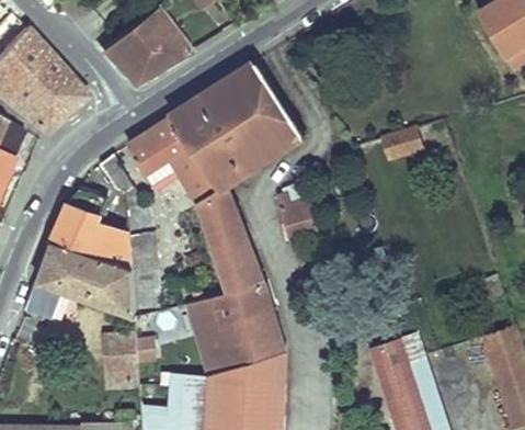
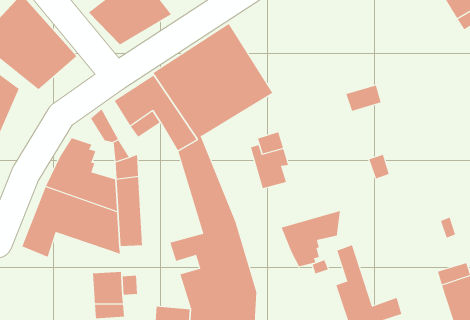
building: none -> [281,210,340,267]

